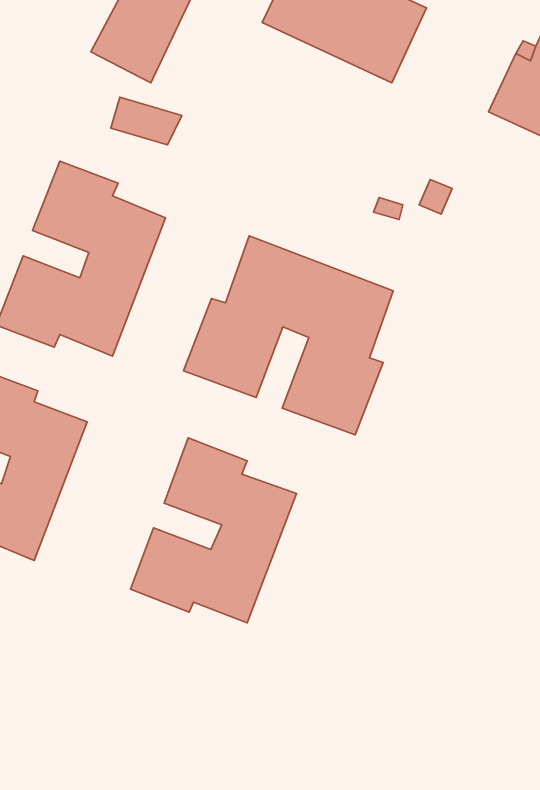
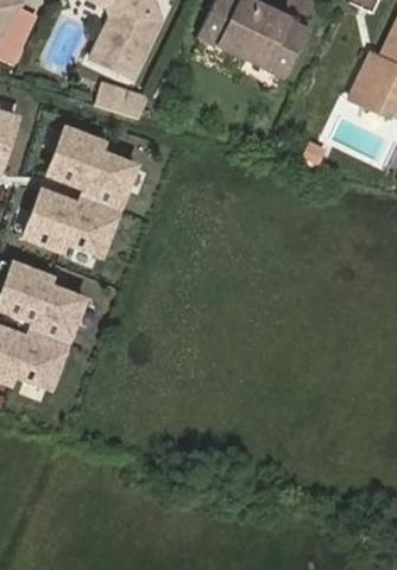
building: [184,236,393,435] -> none
building: [130,438,296,623] -> none

